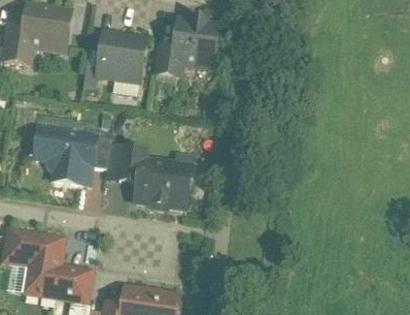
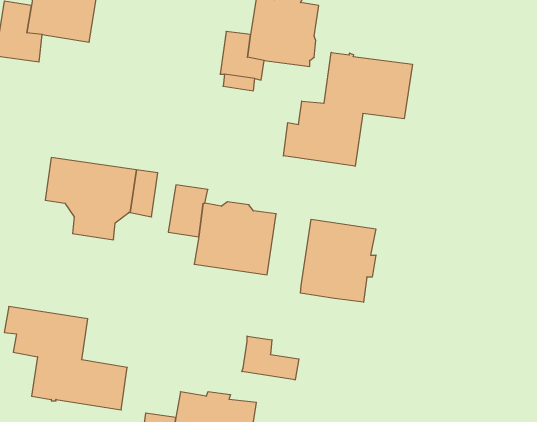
building: [97,32,144,81] -> none
building: none -> [283,52,412,166]
building: none -> [300,219,376,302]
building: none -> [242,336,299,380]

